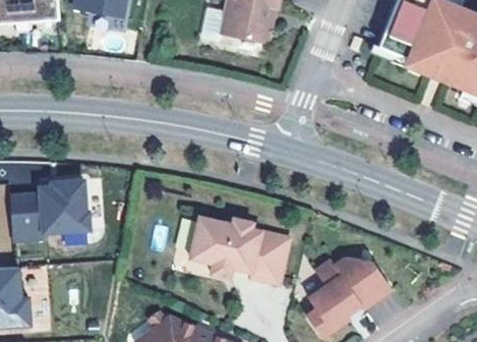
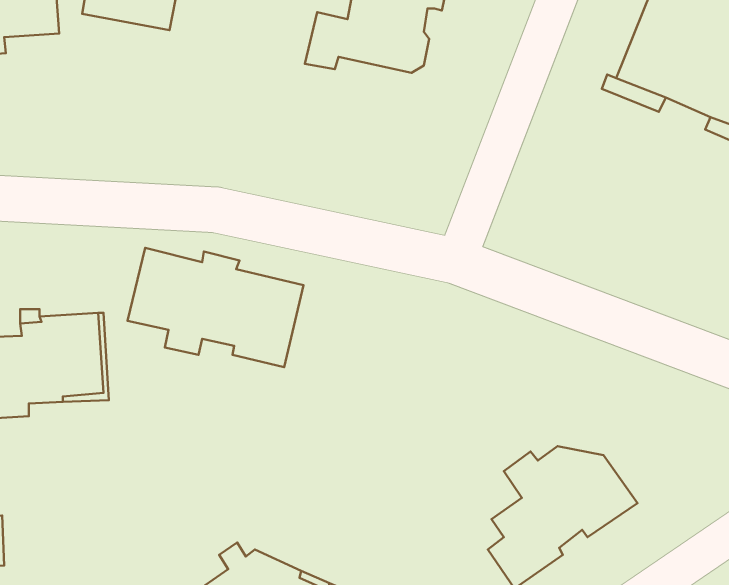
building: [191,217,292,285] -> [127,248,304,367]

